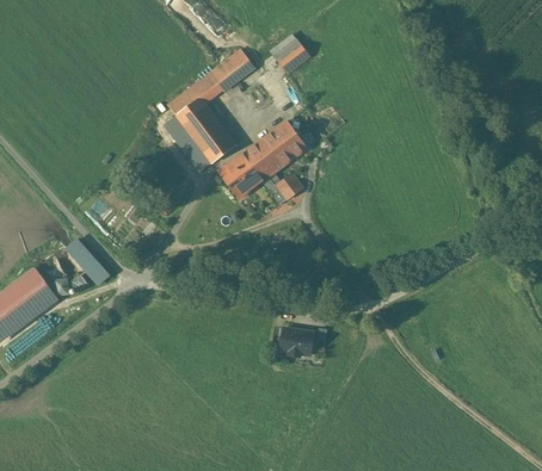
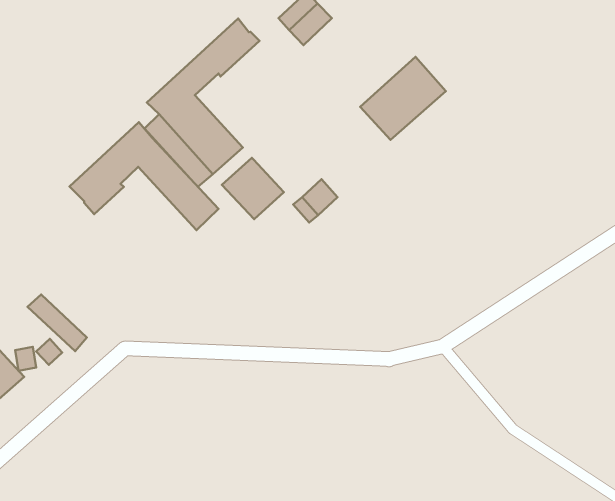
building: none -> [69,122,218,230]
building: [242,120,307,180] -> [360,57,446,140]
building: [277,327,313,357] -> none

